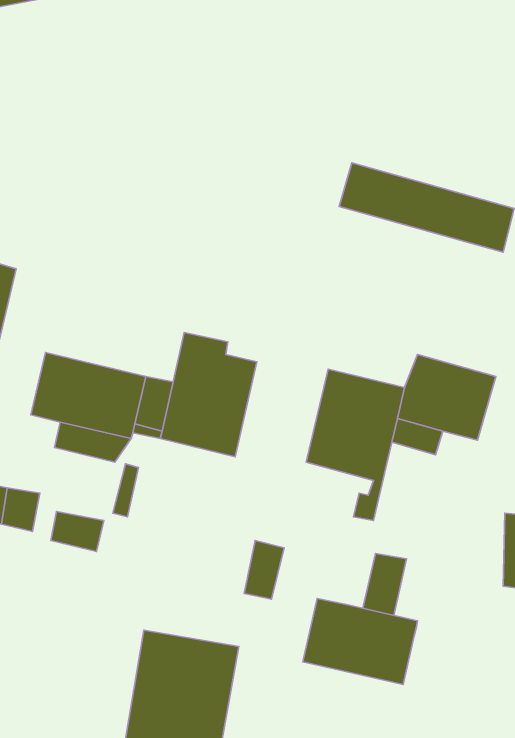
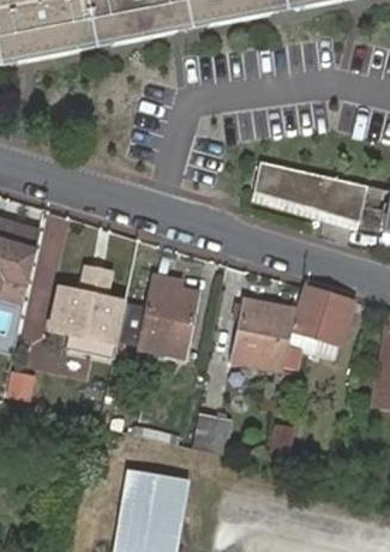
building: [303,598,417,684] -> none

